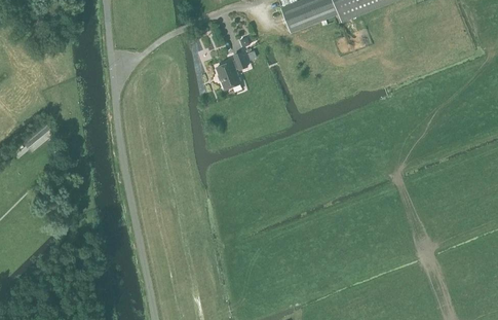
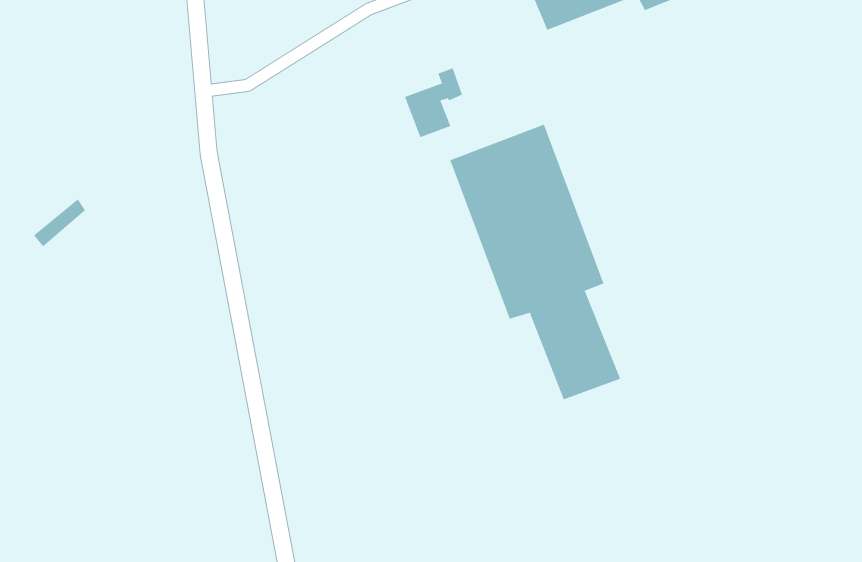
building: none -> [450,124,621,400]

